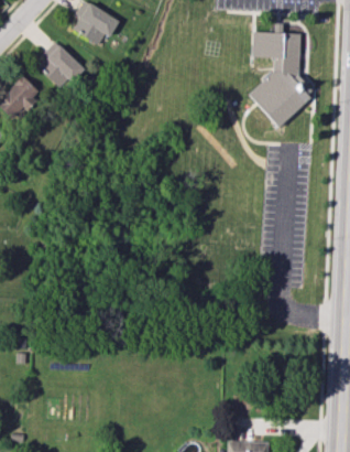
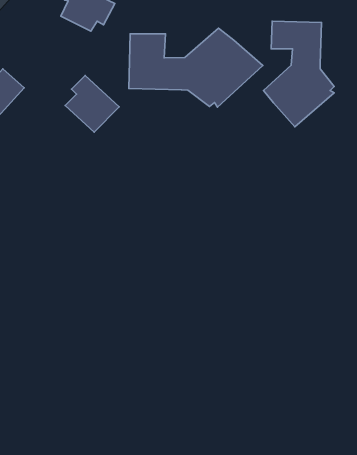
building: none -> [129,28,263,107]
building: [37,41,85,90] -> [65,75,119,132]

